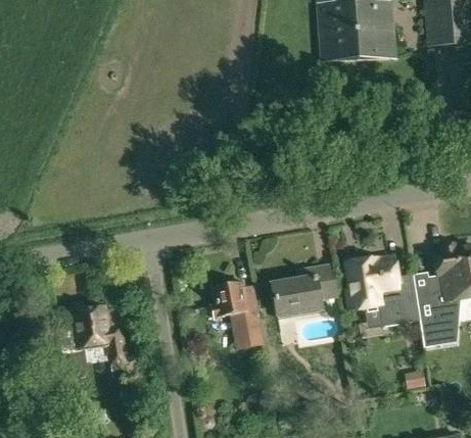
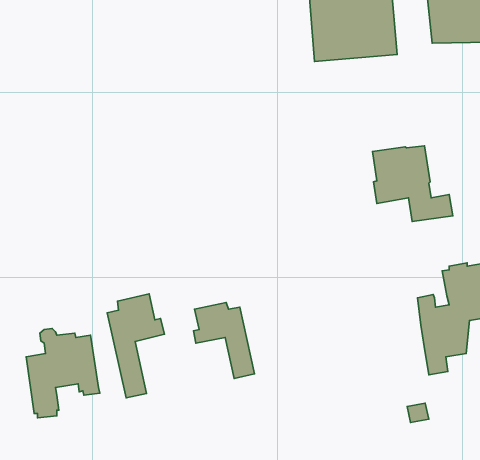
building: [346,257,419,326] -> [372,146,453,222]
building: [272,266,337,313] -> none
building: none -> [107,294,164,398]

